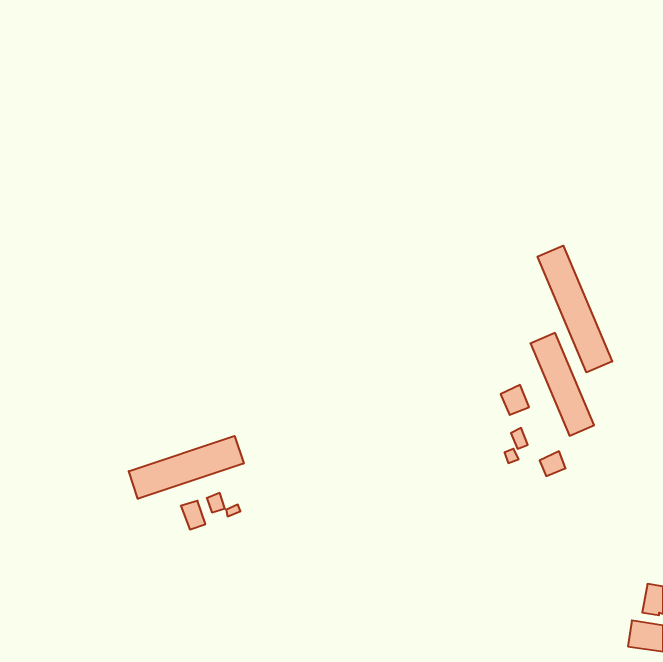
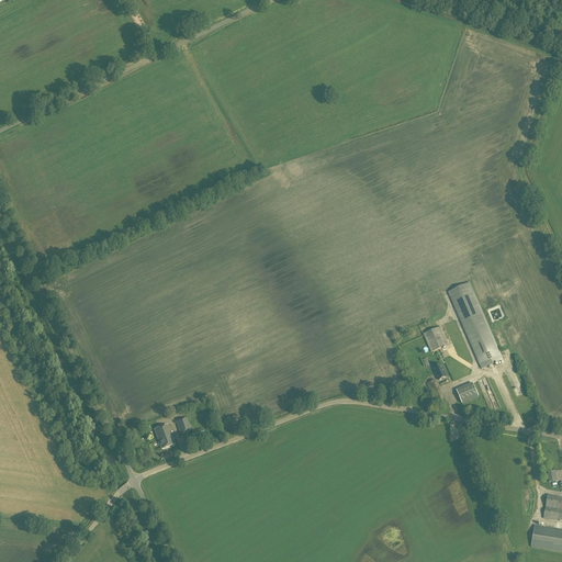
building: [538,246,612,372] -> none
building: [129,436,244,499] -> none

